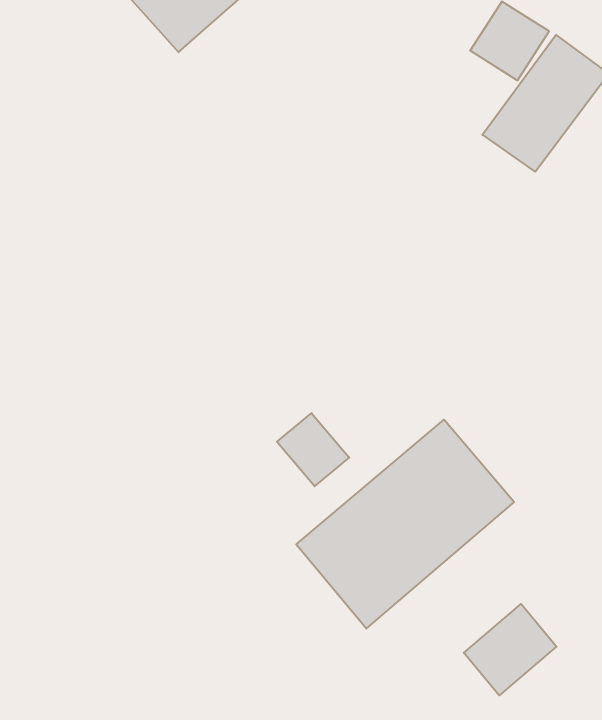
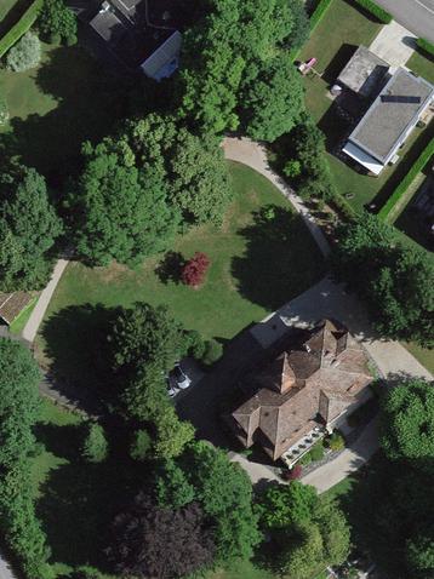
building: [277,413,349,486] -> none
building: [464,604,557,695] -> none

